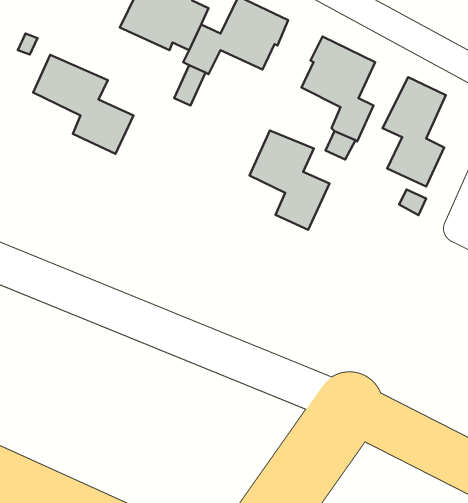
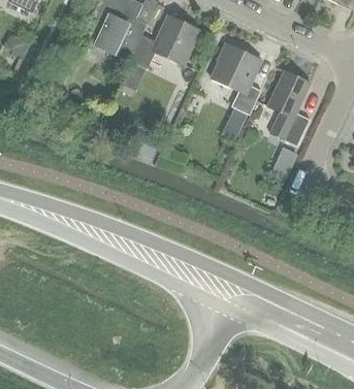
building: [33,55,134,154] -> none
building: [250,130,330,230] -> none

